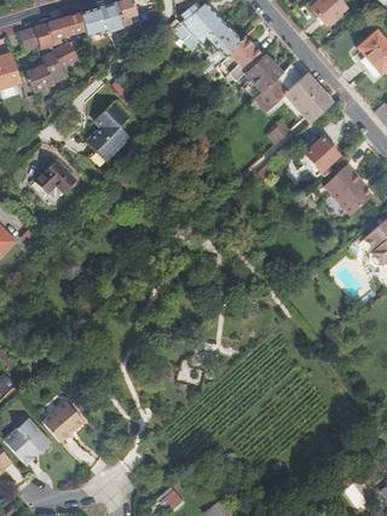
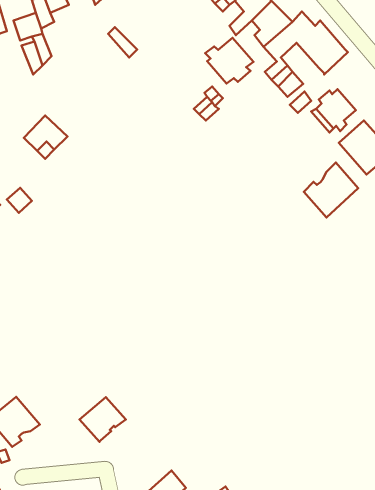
building: none -> [205,38,253,83]
building: [86,102,129,160] -> none
building: none -> [304,163,358,217]
building: [41,400,83,441] -> [80,397,126,442]

